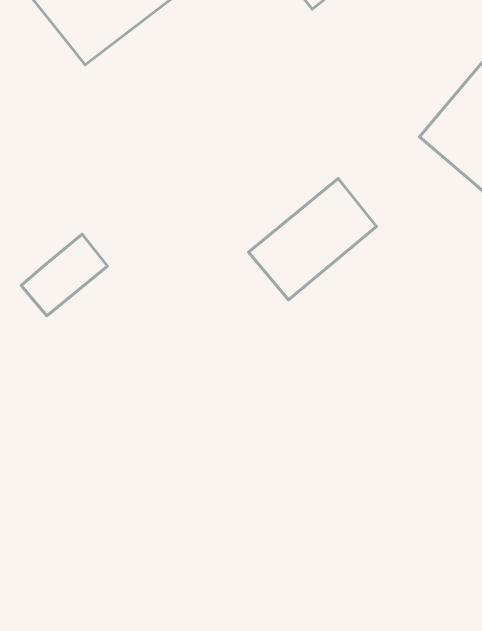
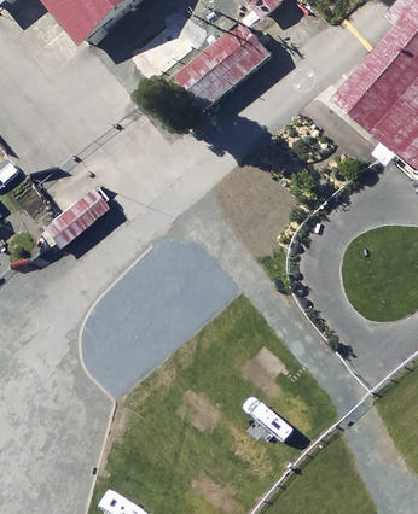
building: [248,179,376,300] -> [175,10,272,101]

